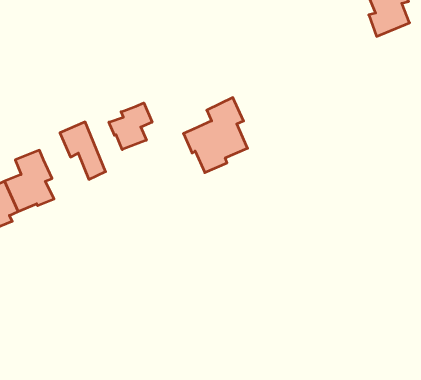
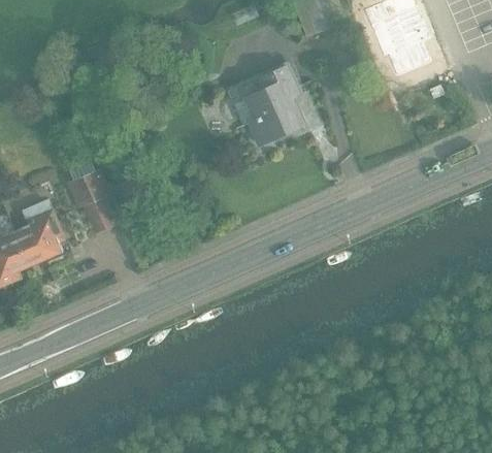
building: [183,98,248,173] -> [233,64,301,143]
building: [109,103,152,150] -> none

